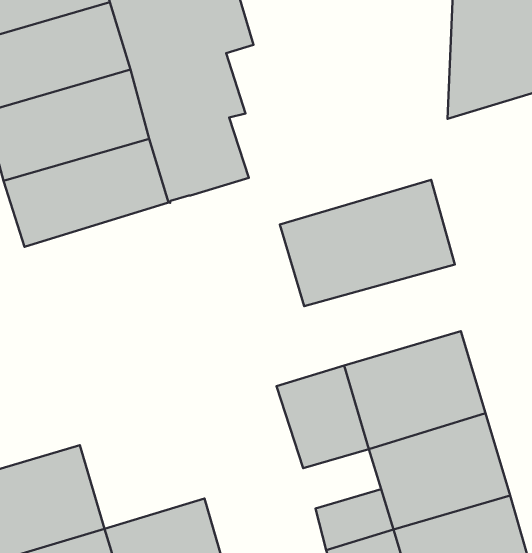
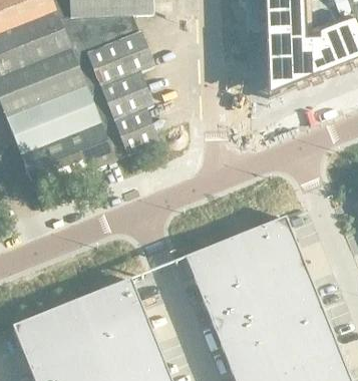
building: [280,180,455,306] -> none
building: none -> [76,277,149,345]
building: none -> [204,287,249,323]

